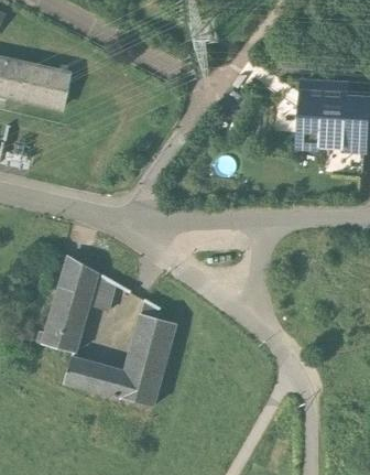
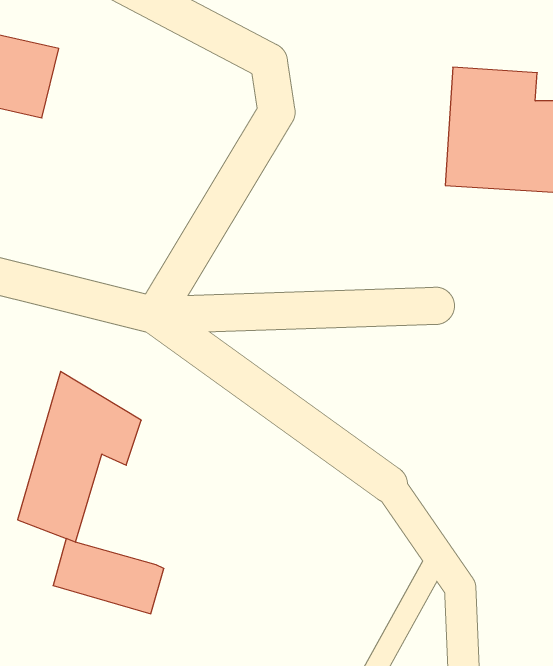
building: [122,302,177,409] -> none

